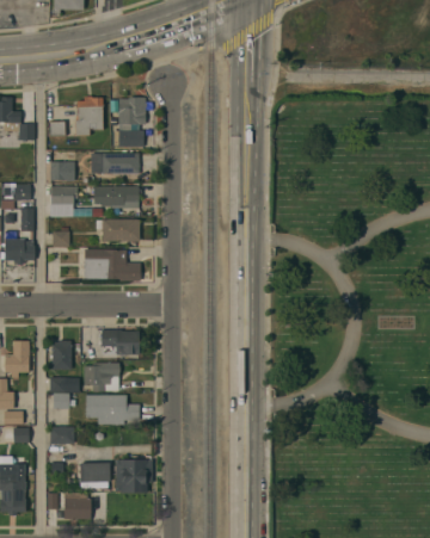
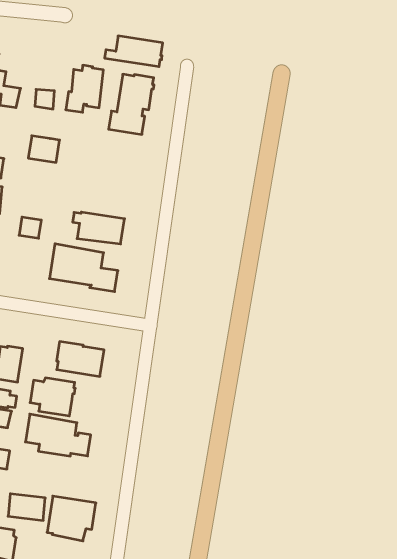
building: [92,154,140,174] -> [105,36,163,67]
building: [50,187,76,217] -> none
building: [93,187,137,209] -> none

